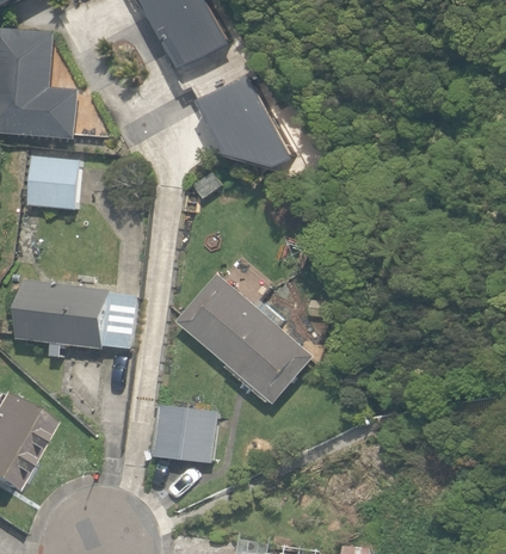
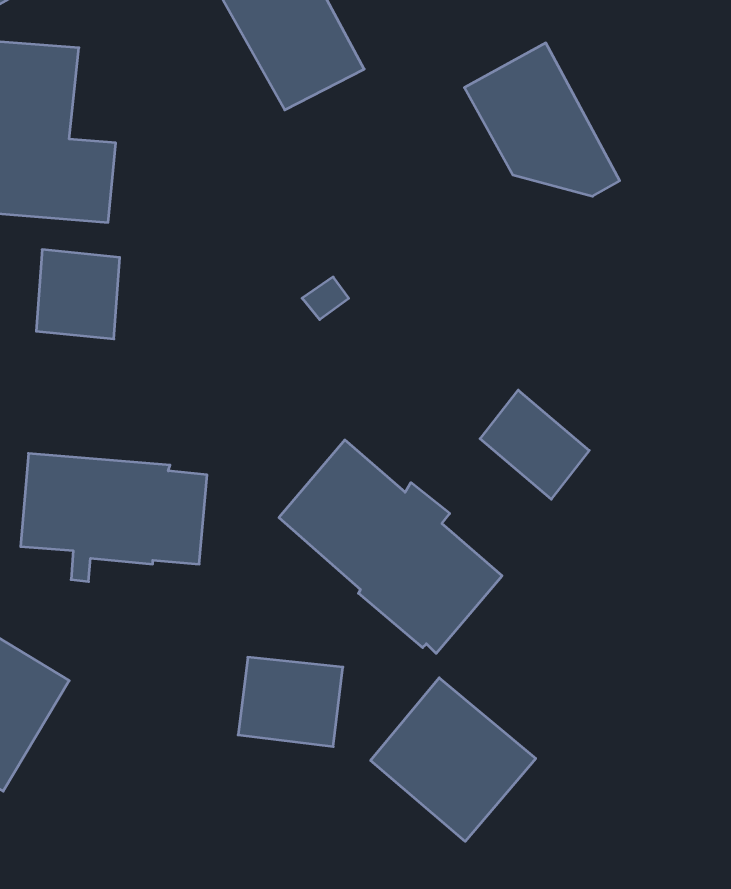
building: [197,74,292,168] -> [464,43,620,196]
building: none -> [480,390,589,499]
building: none -> [371,678,536,841]

